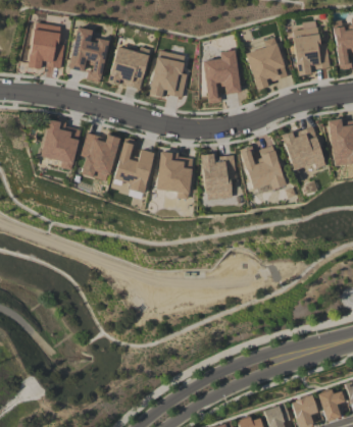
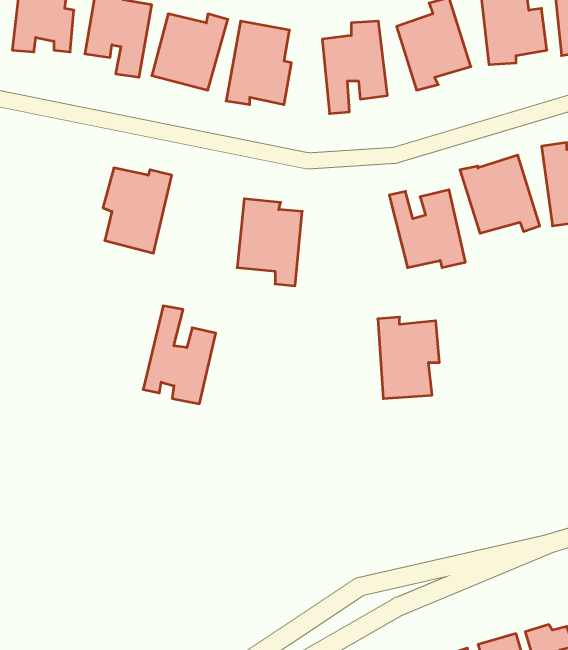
building: [41,119,82,170] -> none
building: [113,138,154,193] -> [143,306,216,404]
building: [202,154,237,200] -> [378,317,439,399]

